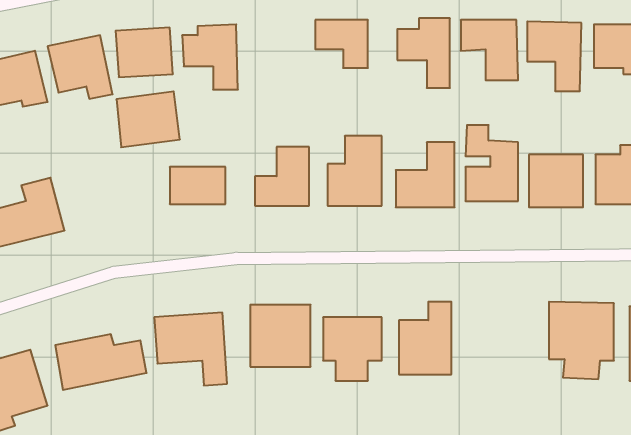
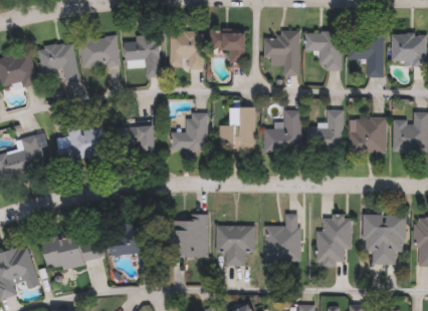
building: none -> [169,31,204,69]
building: [116,91,180,147] -> [64,122,105,159]
building: none -> [316,215,351,264]

